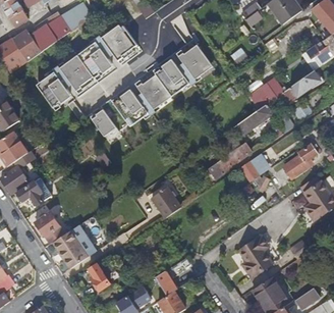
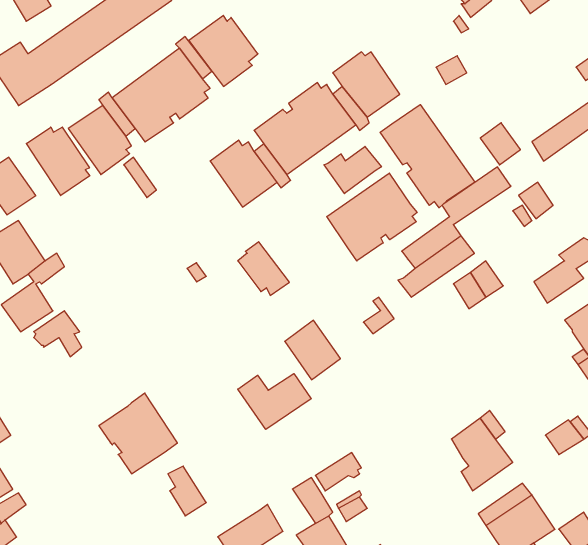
building: none -> [380,105,475,208]
building: none -> [26,127,90,196]
building: none -> [324,146,381,194]
building: none -> [327,173,417,261]
building: [91,110,118,139] -> [238,242,289,295]
building: [36,212,64,243] -> none
building: none -> [238,374,311,429]

